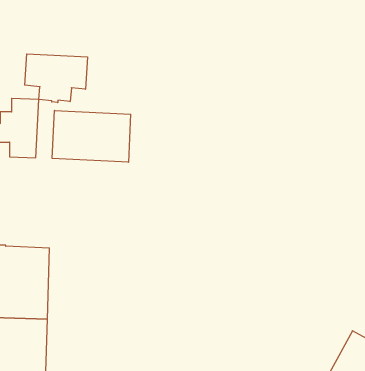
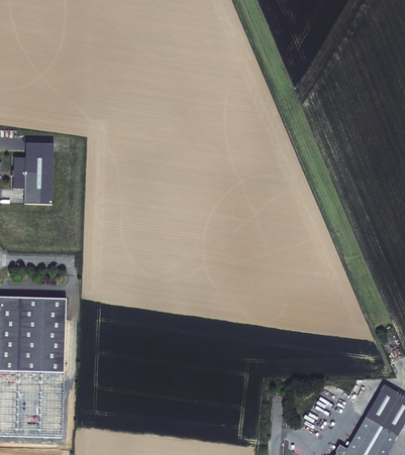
building: [25,54,87,103] -> none
building: [52,110,131,162] -> none

